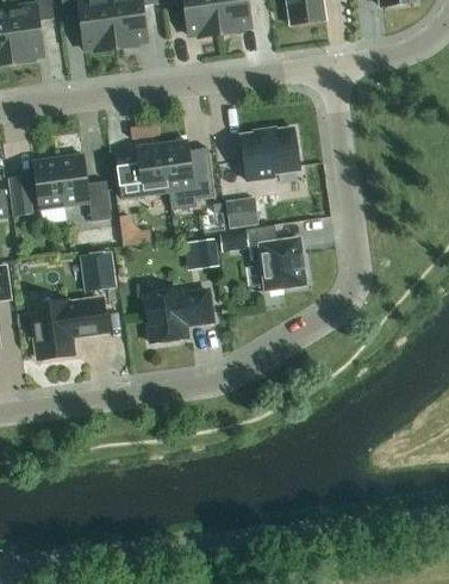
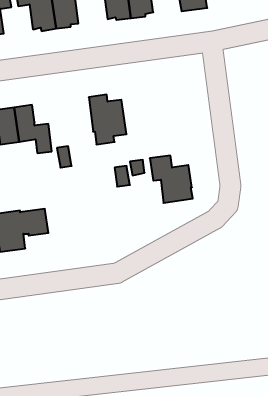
building: [239,128,299,180] -> none
building: [114,143,167,197] -> none
building: [224,197,257,229] -> none
building: [81,251,114,291] -> none
building: [143,288,211,342] -> none

